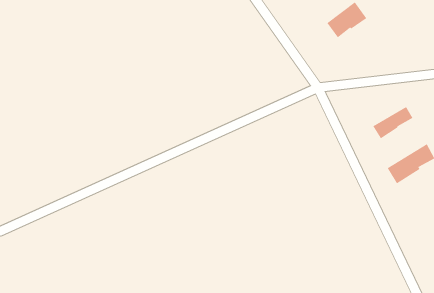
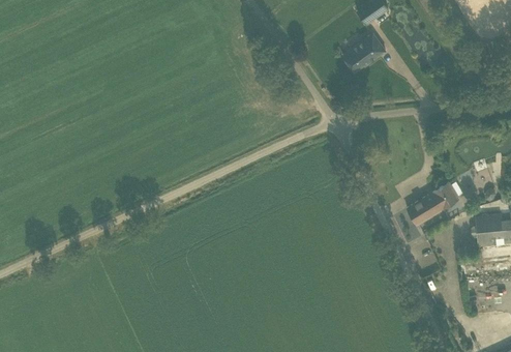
building: [373,106,413,139] -> none

